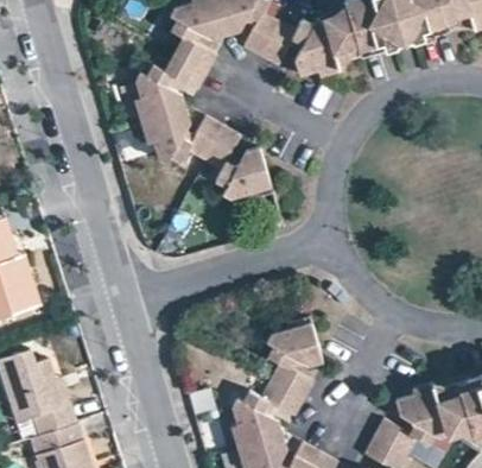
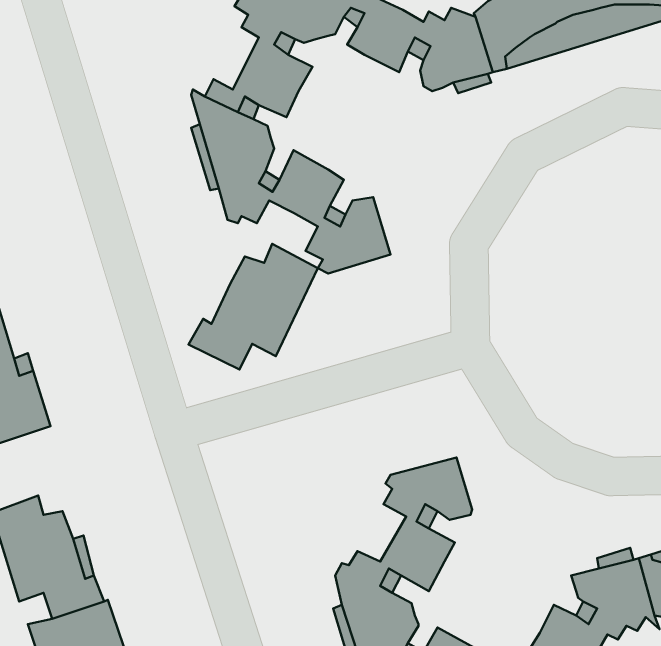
building: none -> [189,244,318,370]

